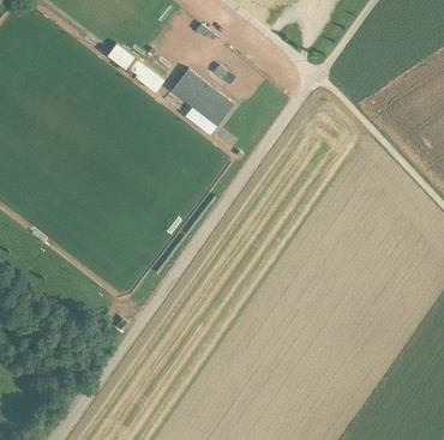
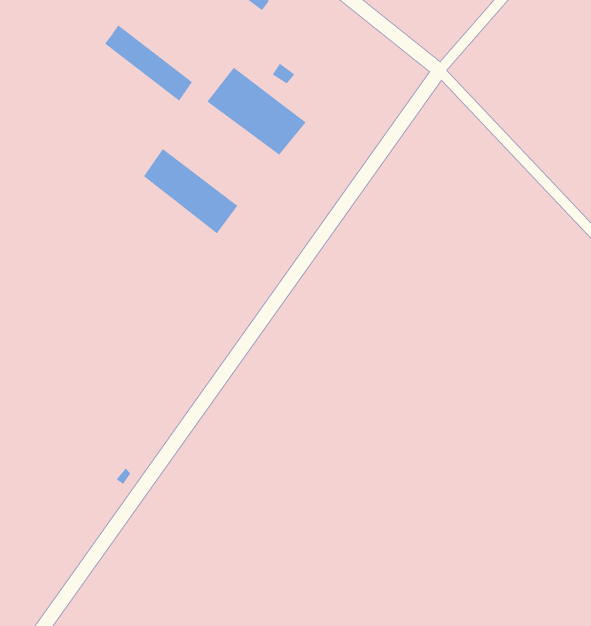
building: none -> [143,148,238,234]

